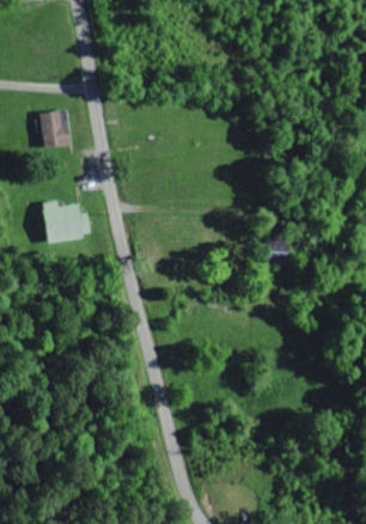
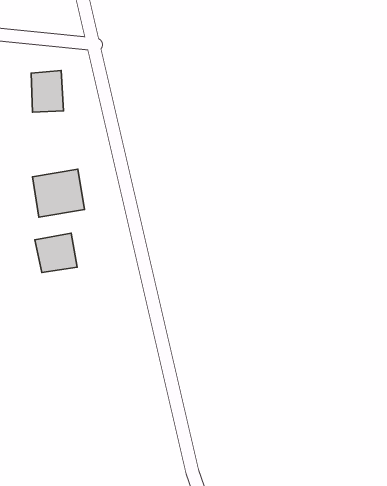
building: none -> [35,233,77,272]

